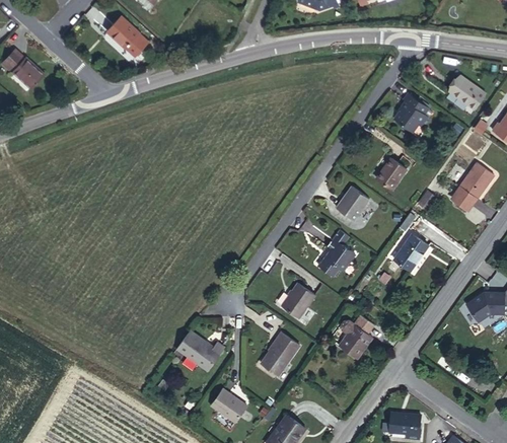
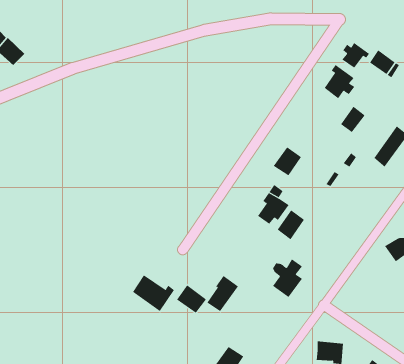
building: [113,25,147,59] -> none
building: none -> [342,42,370,68]
building: [376,155,406,187] -> [340,106,365,133]
building: [390,233,423,269] -> [277,209,305,240]
building: [280,285,313,320] -> none
building: [210,393,245,427] -> [176,285,207,314]

